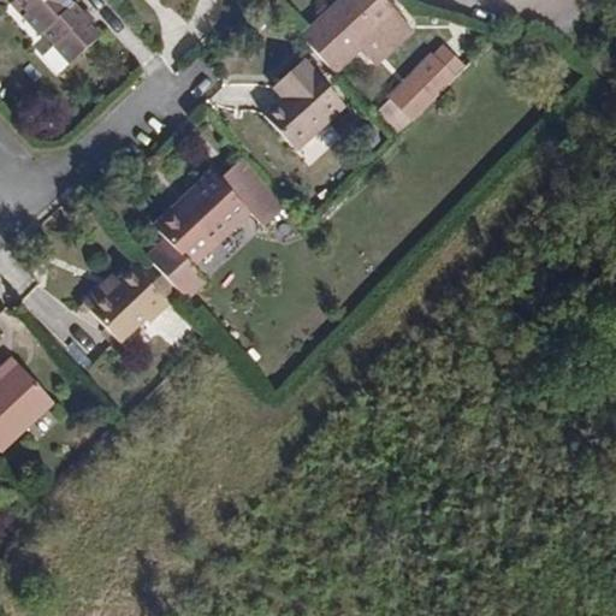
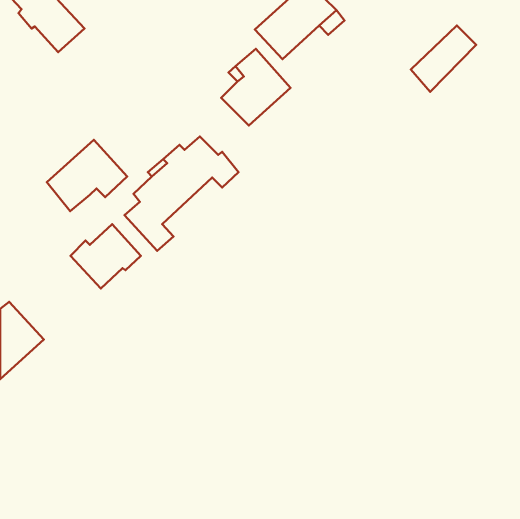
building: [378,54,455,132] -> [411,26,476,92]
building: none -> [47,140,127,211]

